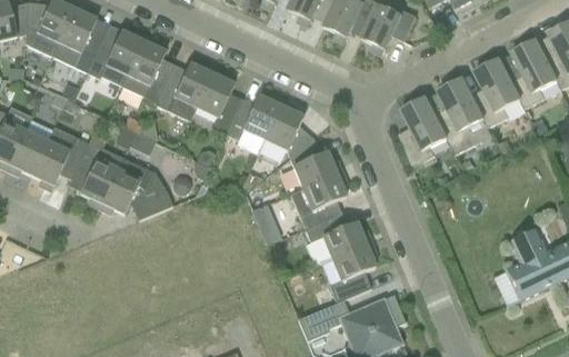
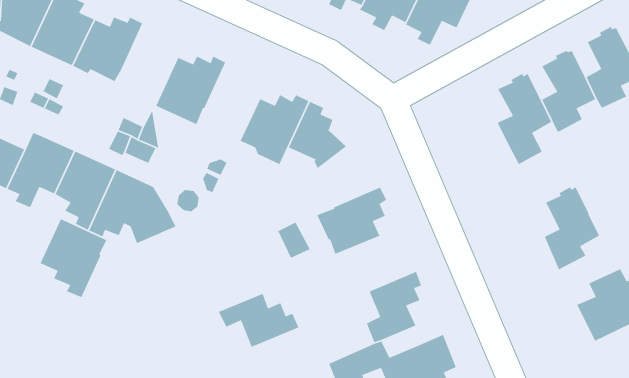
building: [120,36,172,105] -> none
building: [194,68,240,133] -> none
building: [397,96,446,166] -> [541,186,600,271]
building: [288,138,340,188] -> none
building: none -> [40,218,108,298]
building: [302,212,370,258] -> [218,293,299,348]

